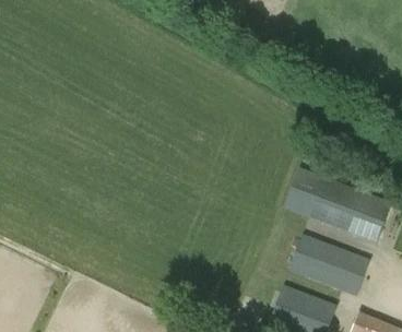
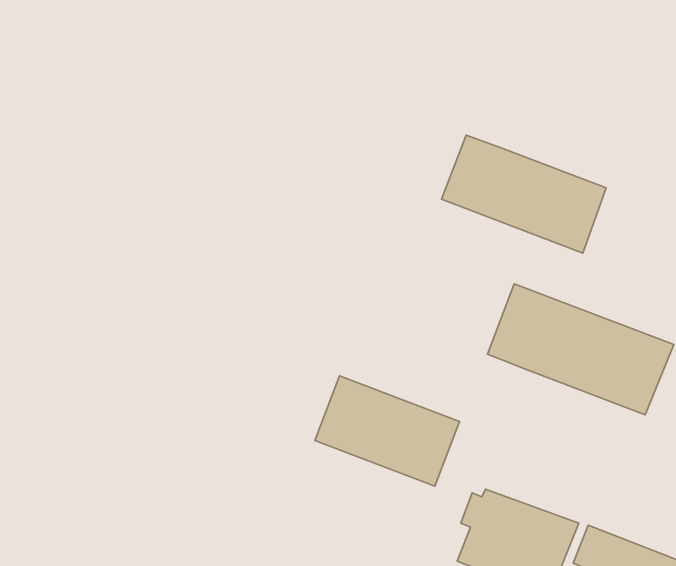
building: none -> [442,135,606,253]
building: [287,233,370,296] -> [315,376,459,486]

